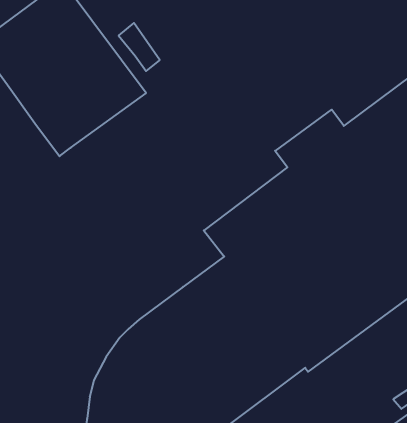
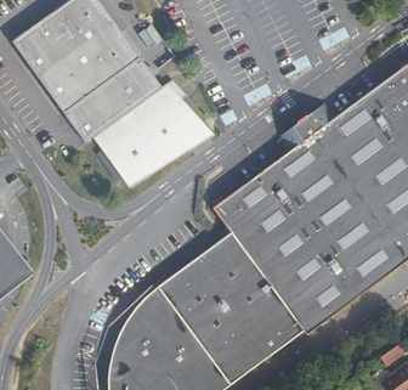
building: none -> [96,78,200,183]

